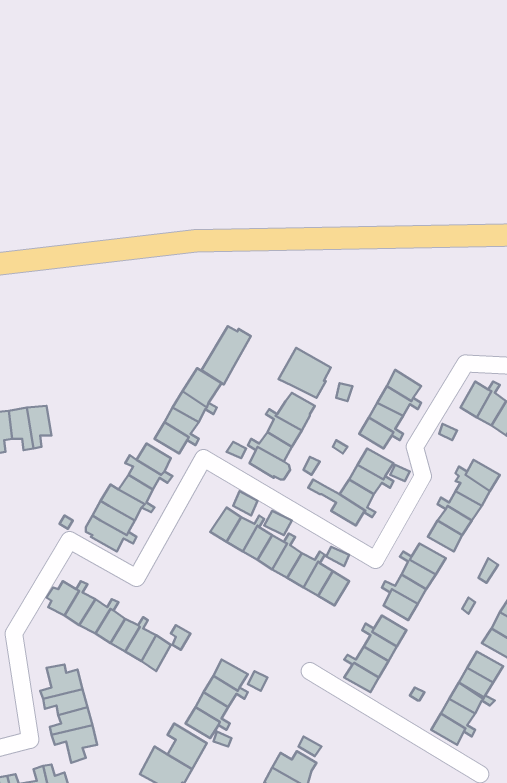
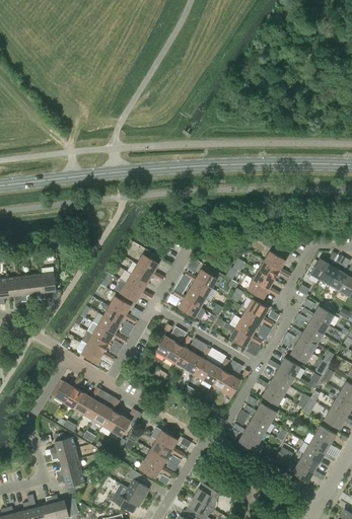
building: [201,326,251,384] -> none
building: [278,348,331,398] -> none

